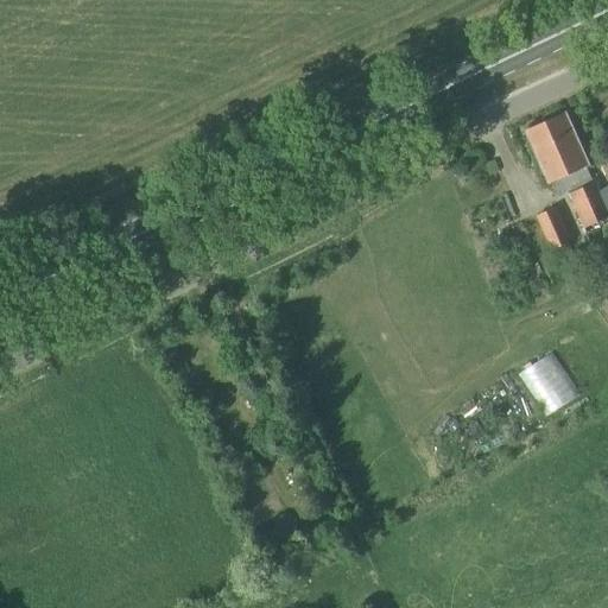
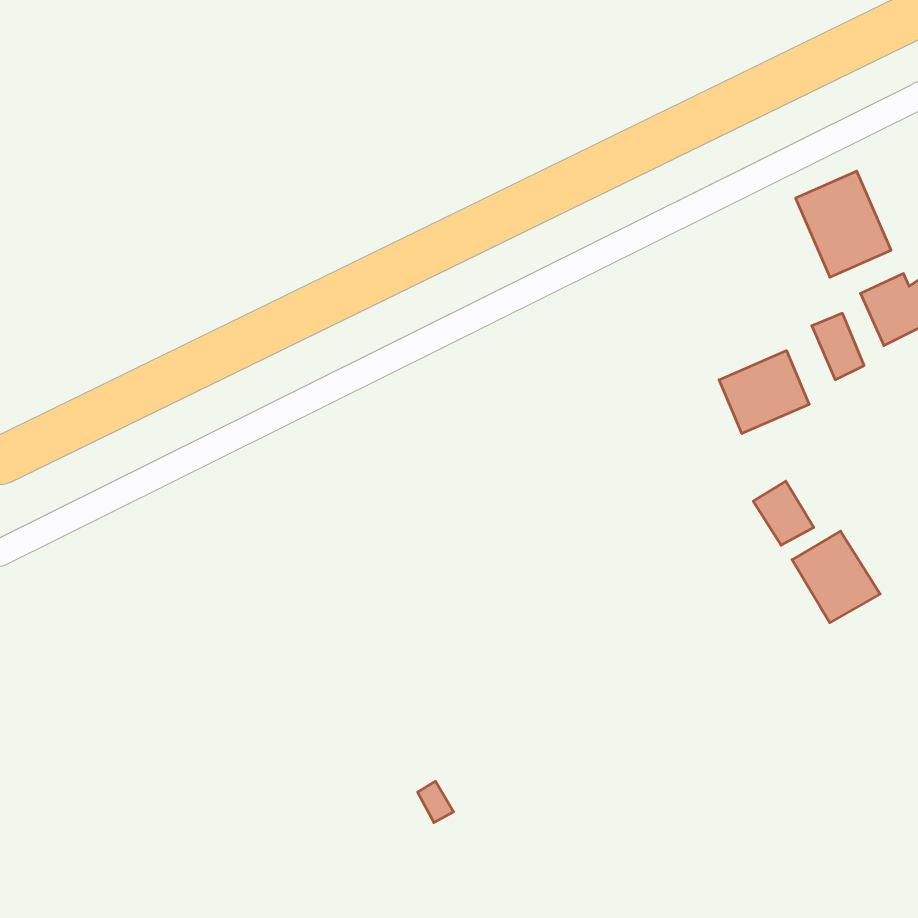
building: none -> [719,351,809,434]
building: none -> [753,481,814,545]

